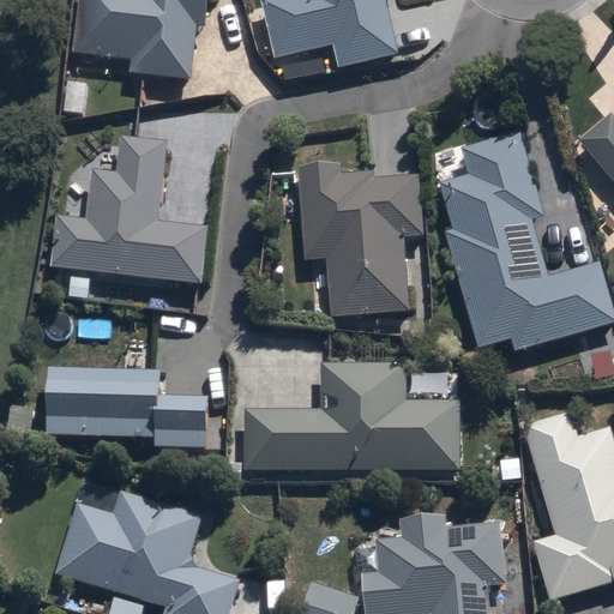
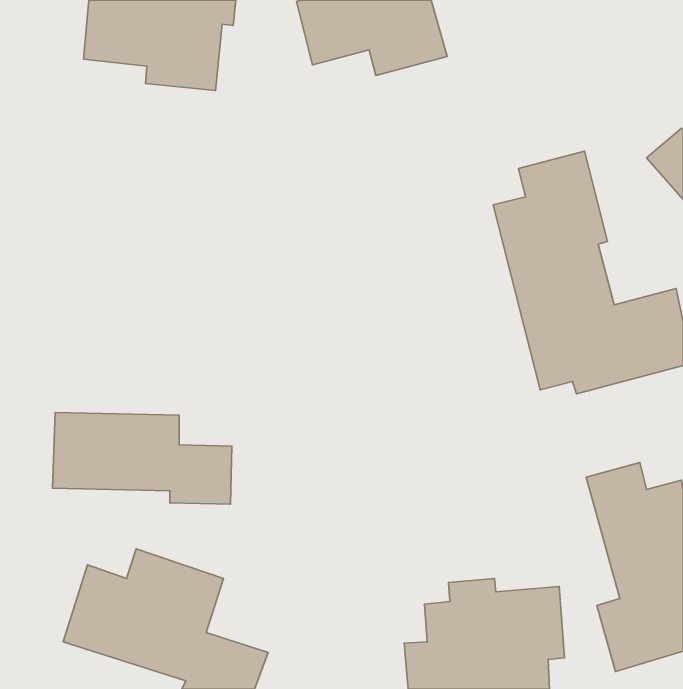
building: [53,133,206,283] -> none
building: [295,162,421,318] -> none
building: [241,365,458,466] -> none

